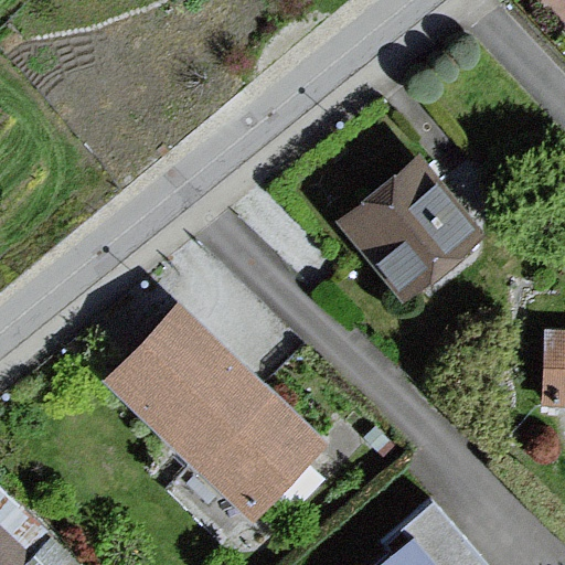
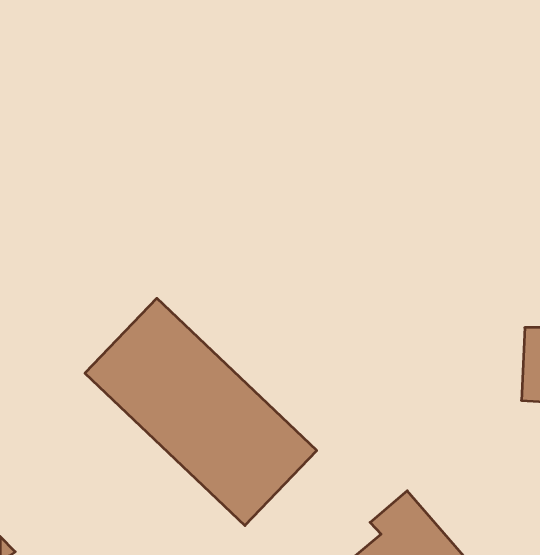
building: [337,152,488,306] -> none

